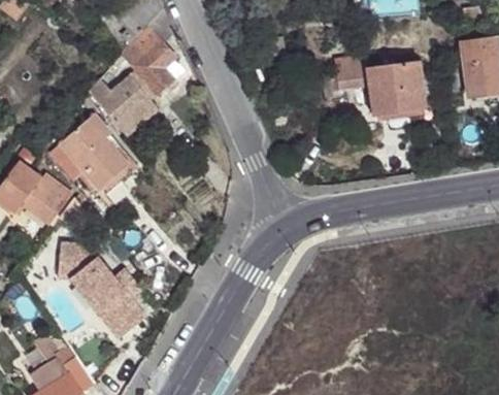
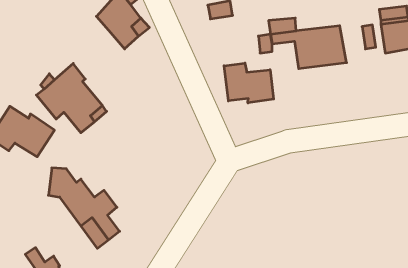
building: [87,71,156,136] -> none
building: none -> [224,63,274,103]

